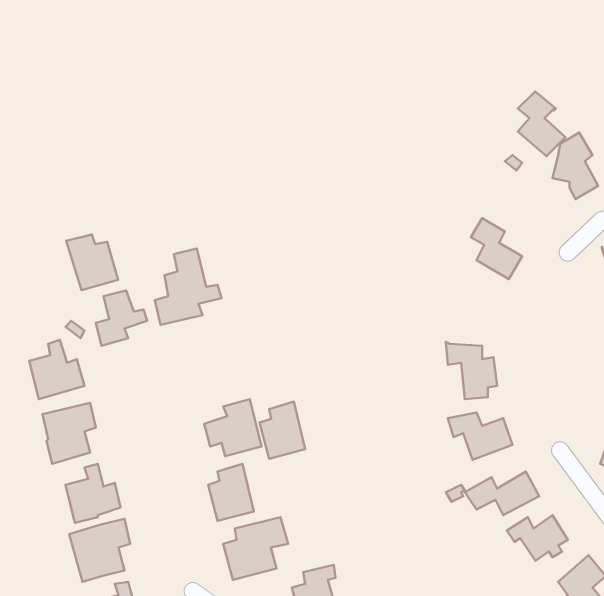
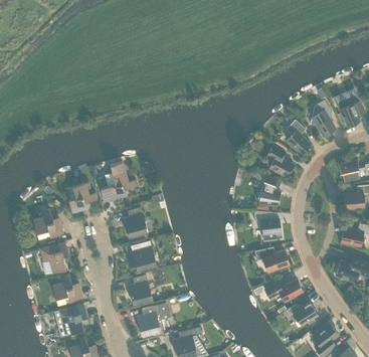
building: [518,91,566,156] -> [286,119,311,153]
building: [66,235,118,290] -> none
building: none -> [257,174,281,204]
building: [260,402,305,459] -> [123,206,147,236]

